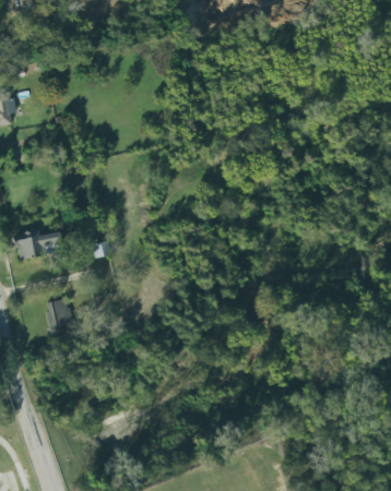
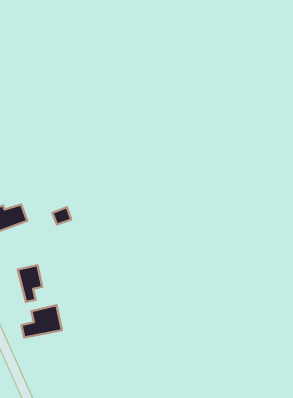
building: none -> [21,305,62,338]

